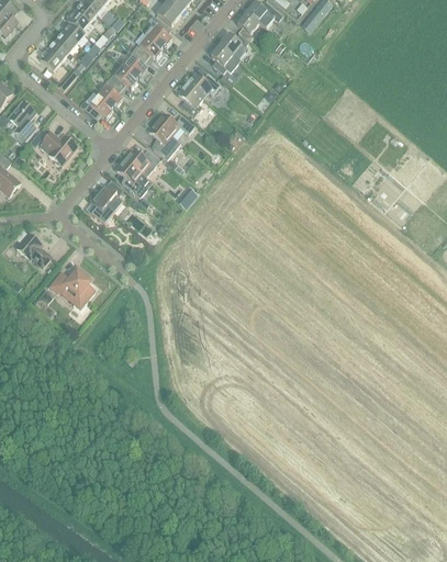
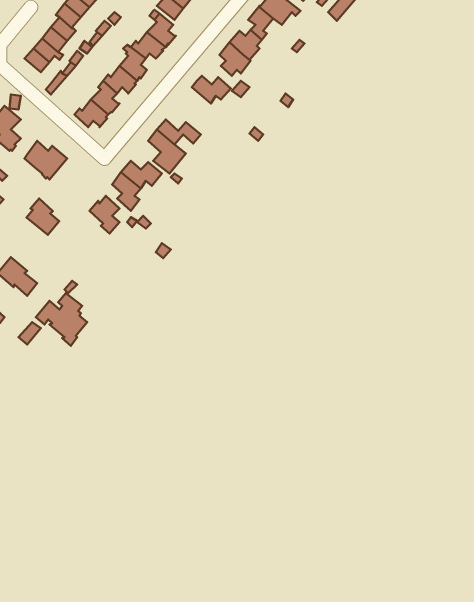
building: [178,83,203,116] -> none
building: [86,192,114,224] -> [27,199,59,235]

